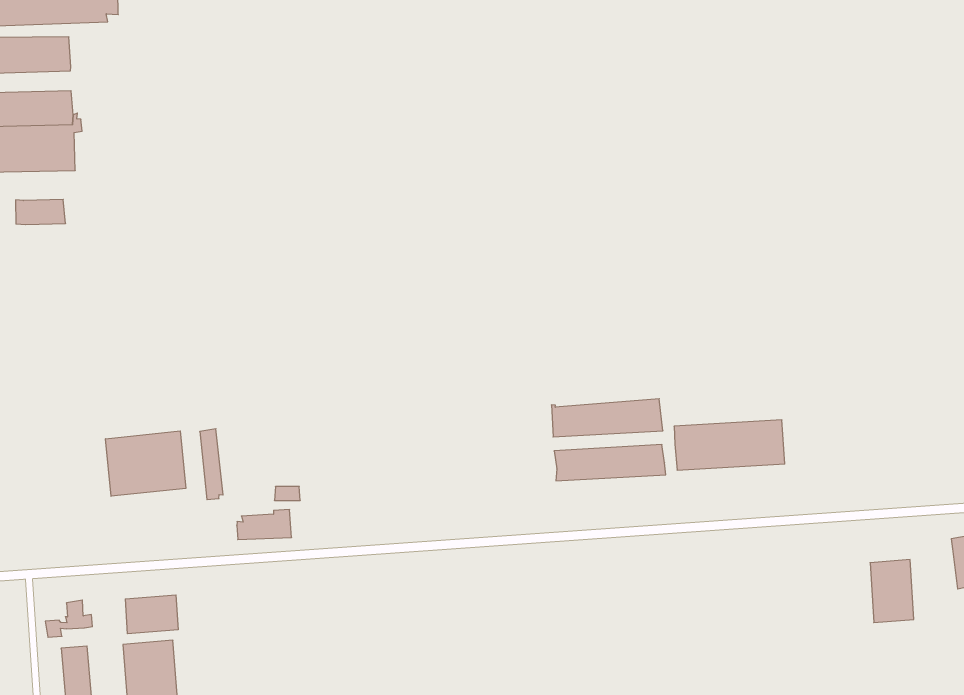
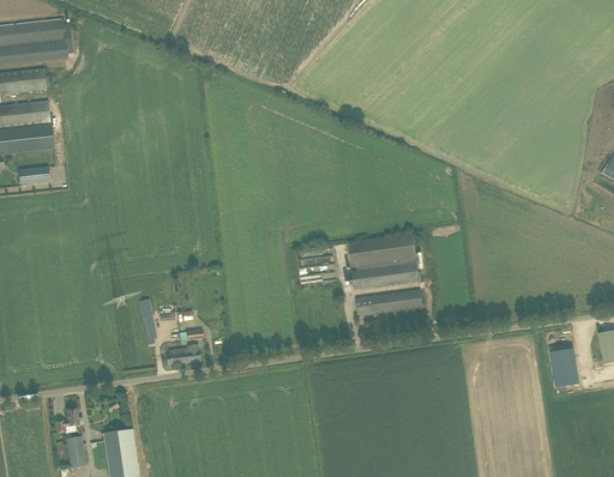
building: [674,420,785,470] -> [347,233,415,267]
building: [106,431,186,496] -> none
building: [125,595,178,634] -> none

